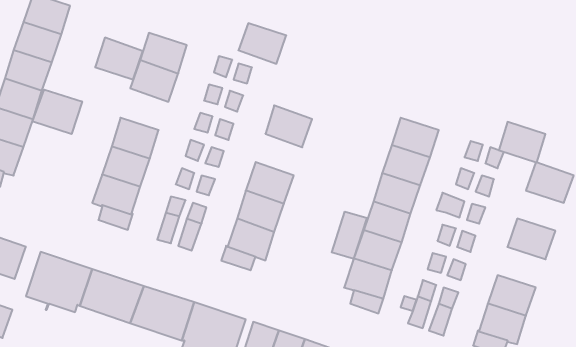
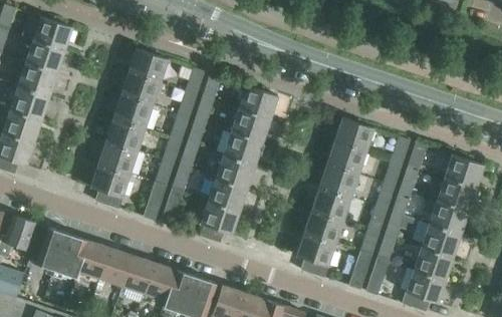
building: [238,23,286,64] -> [239,86,278,119]
building: [95,38,143,79] -> [113,94,153,128]
building: [32,90,82,134] -> none
building: [499,122,545,162] -> [438,178,476,211]
building: none -> [224,131,262,166]
building: [332,212,367,259] -> none
building: none -> [422,224,461,257]

